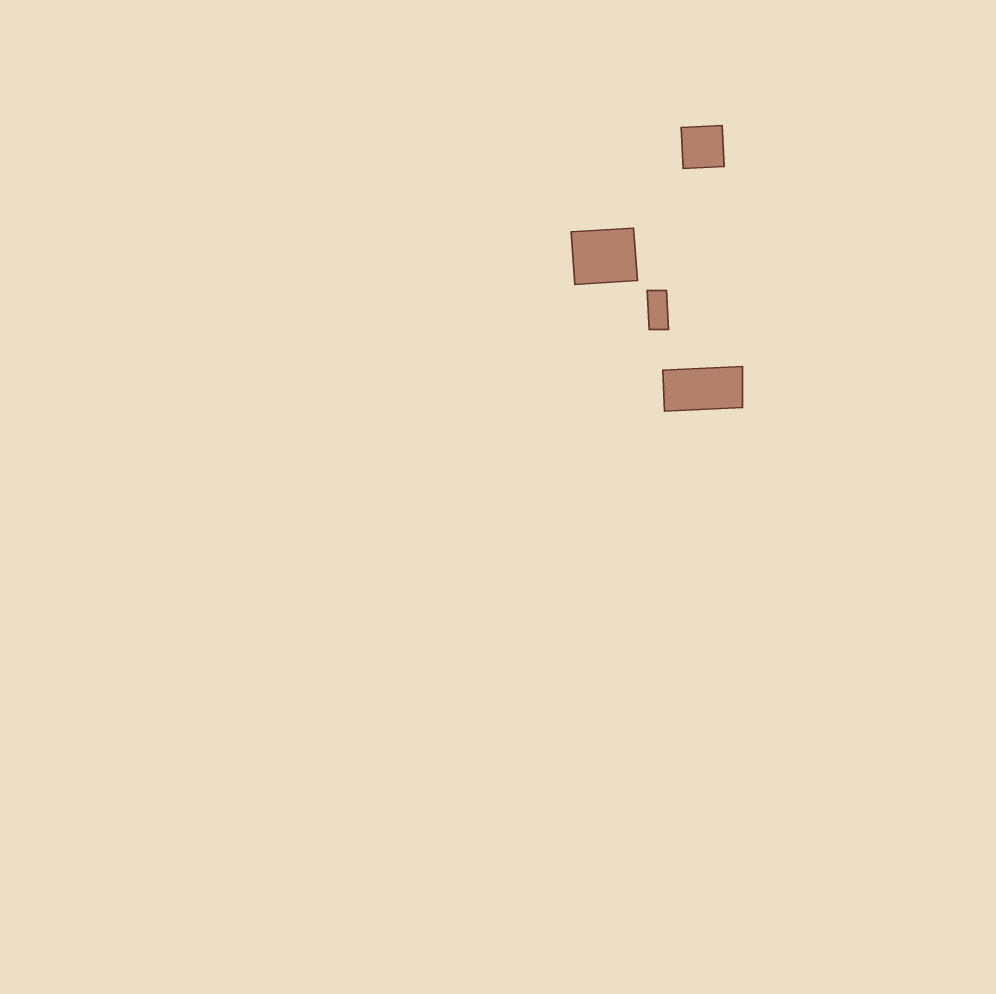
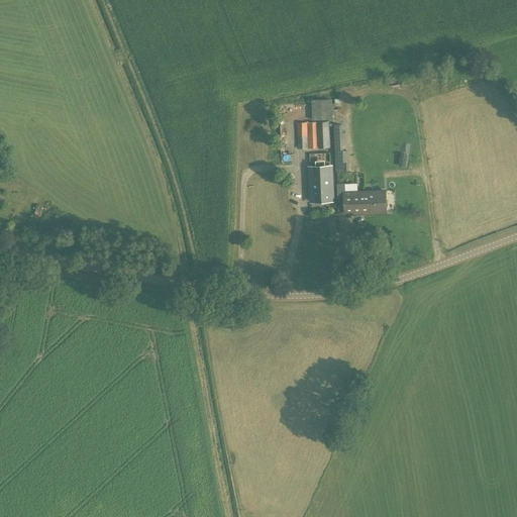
building: [681,126,724,169] -> [310,97,332,119]
building: none -> [310,167,331,200]

